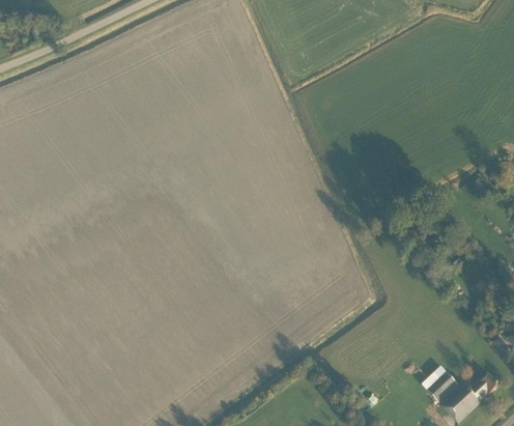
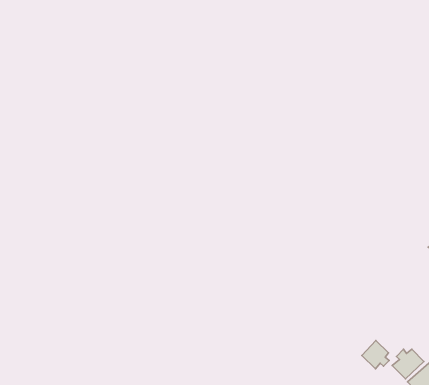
building: none -> [362,340,389,369]

